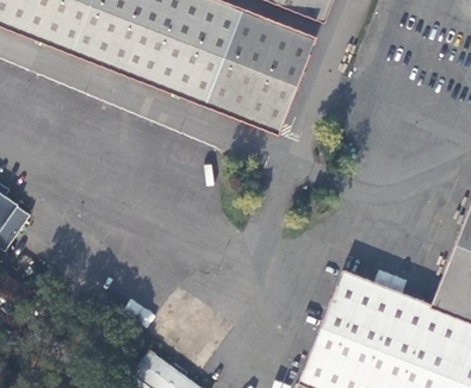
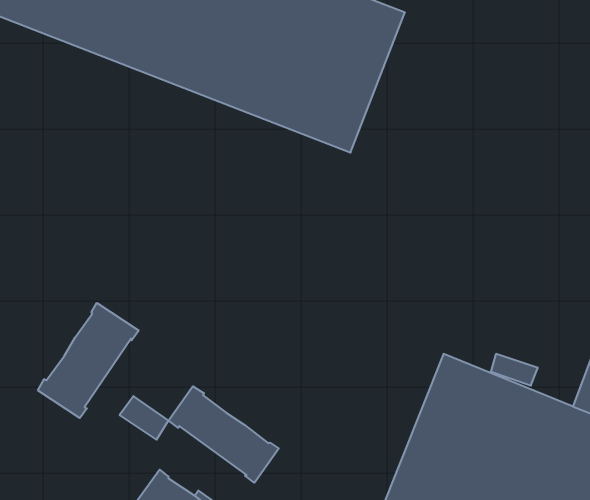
building: none -> [38,303,139,418]
building: none -> [169,386,279,483]

